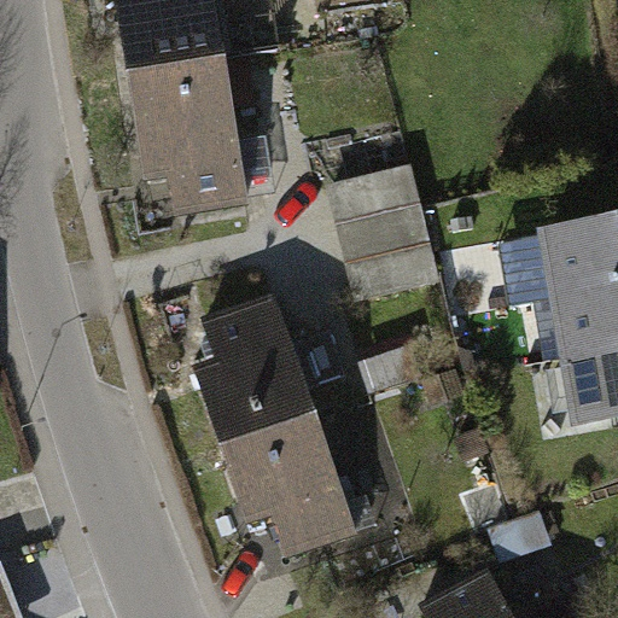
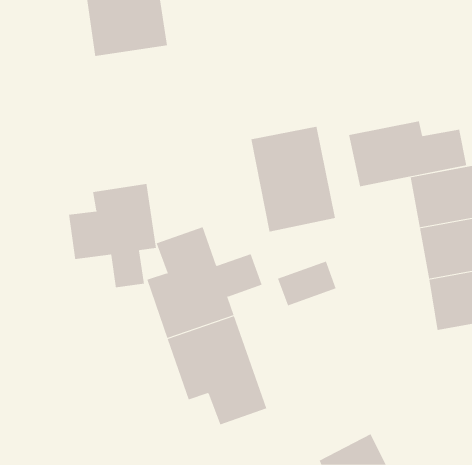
building: [126,59,243,214] -> none
building: none -> [349,120,467,187]
building: none -> [68,183,157,288]

